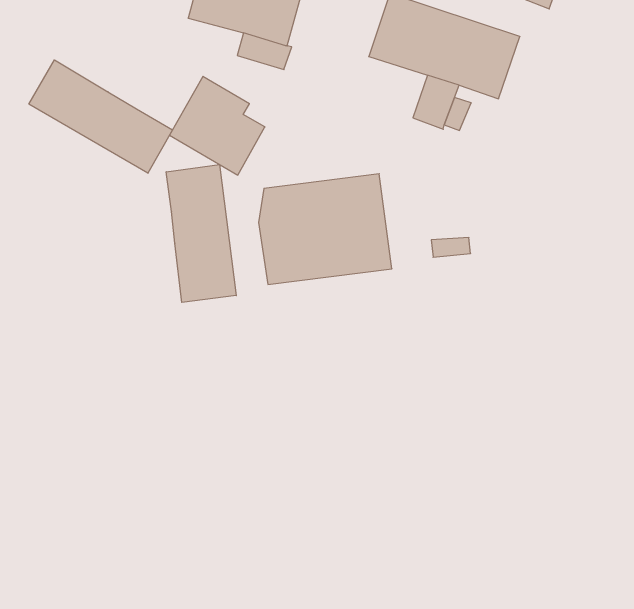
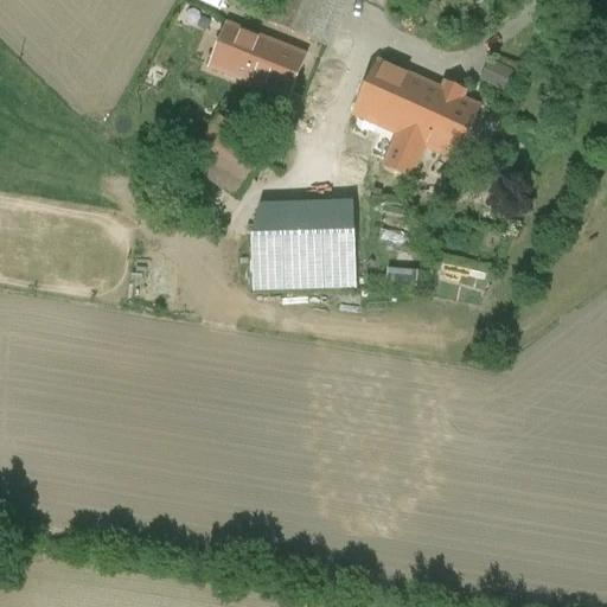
building: [29,60,173,173] -> none
building: [166,164,236,302] -> none

